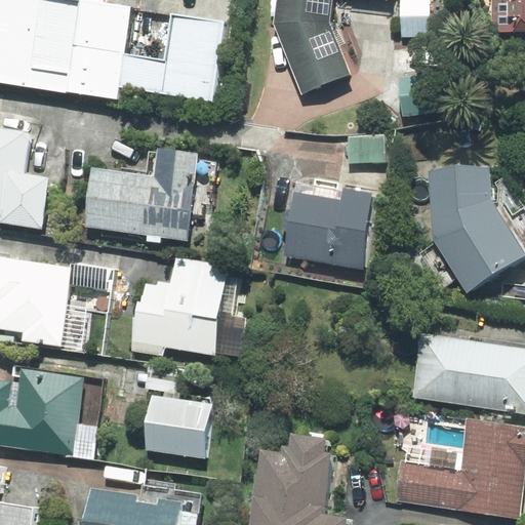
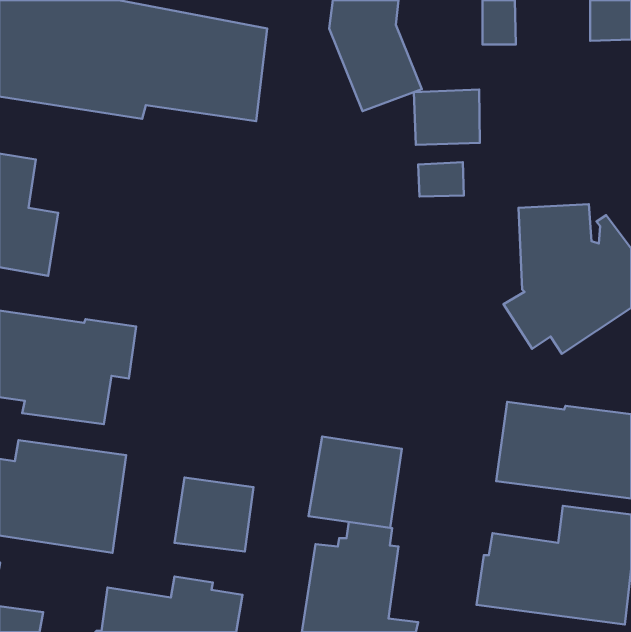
building: none -> [414,90,480,145]
building: [84,147,218,241] -> none
building: [281,184,376,270] -> none
building: [129,260,247,357] -> none
building: none -> [309,437,402,528]

